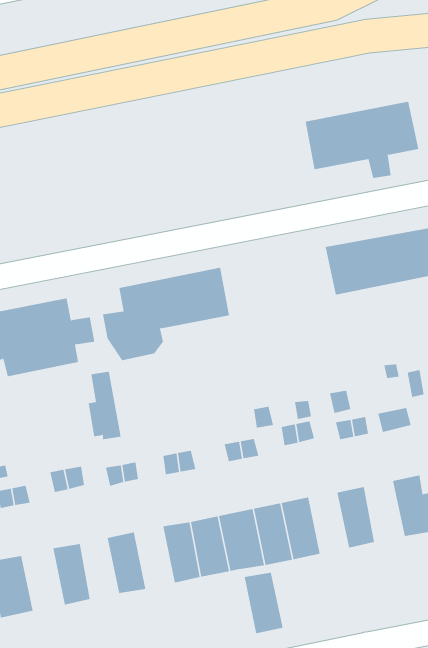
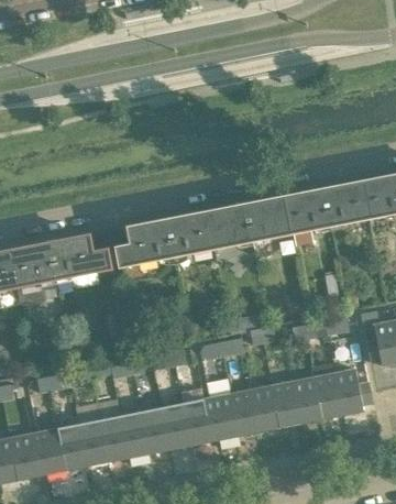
building: [305,101,419,179] -> [205,196,290,254]
building: none -> [312,372,342,418]
building: none -> [140,406,169,453]
building: none -> [99,415,128,461]
building: none -> [55,423,87,470]
building: [244,572,283,634] -> [271,381,300,427]

